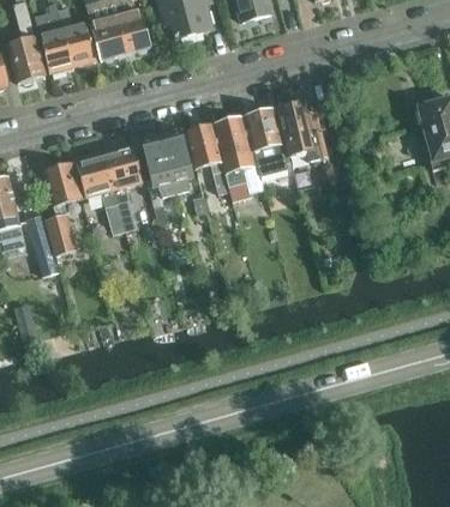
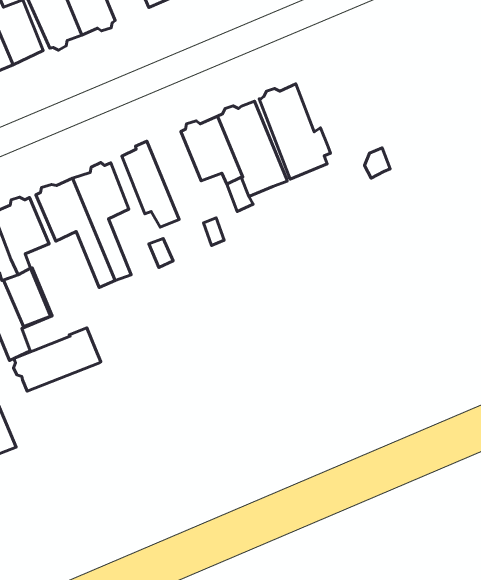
building: [277,101,326,161] -> none
building: [161,132,193,193] -> none
building: none -> [13,328,101,391]

